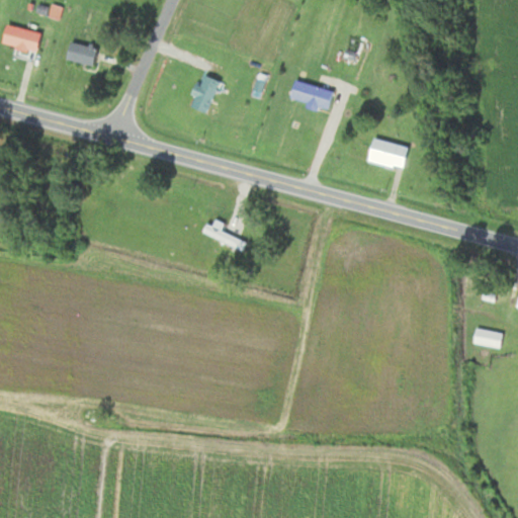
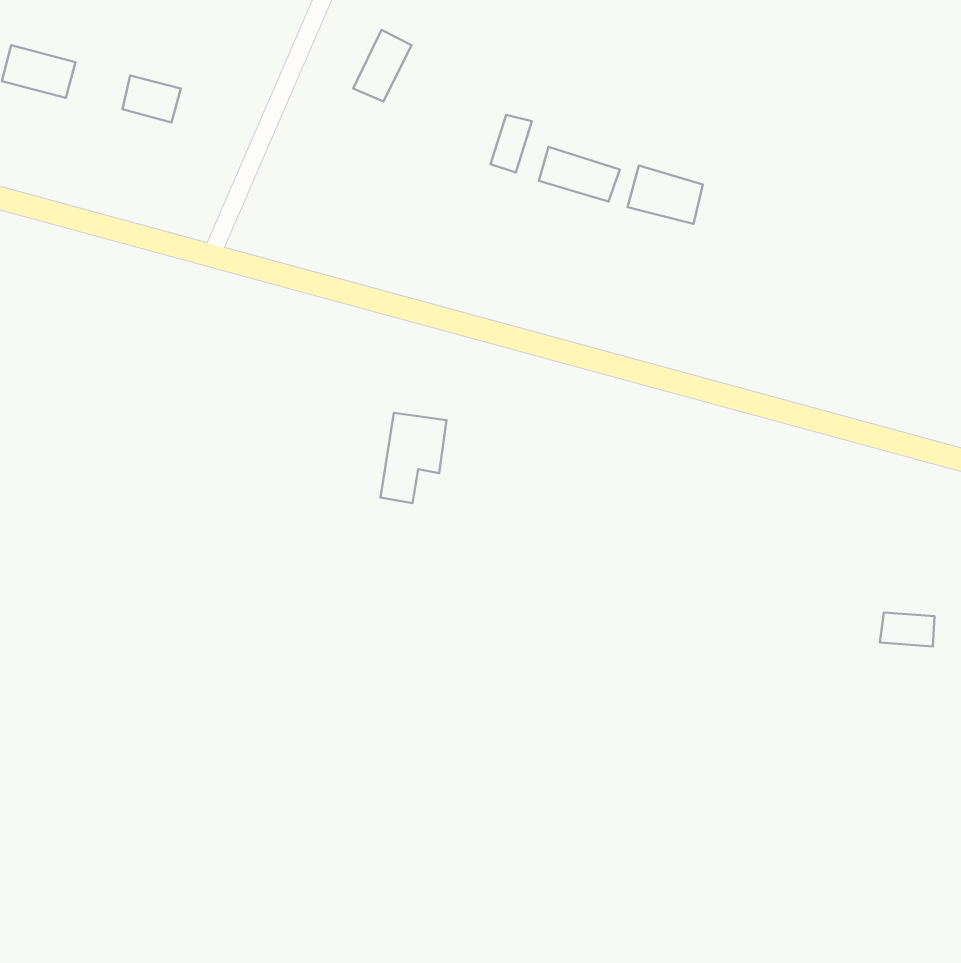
building: none -> [491,115,532,172]
building: [189,74,221,112] -> [353,30,412,102]
building: [367,138,408,169] -> [628,166,703,224]

